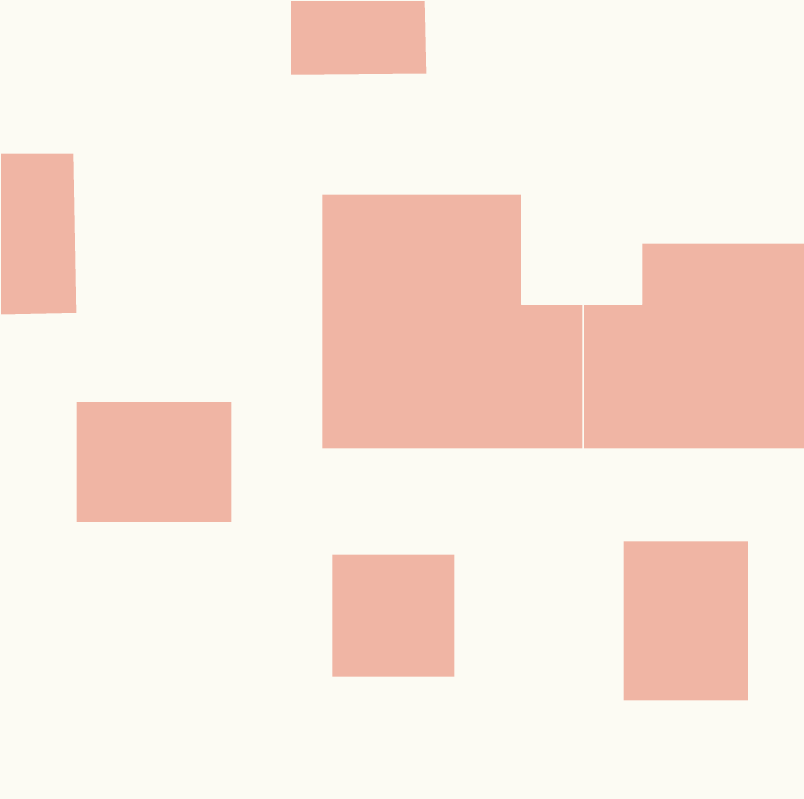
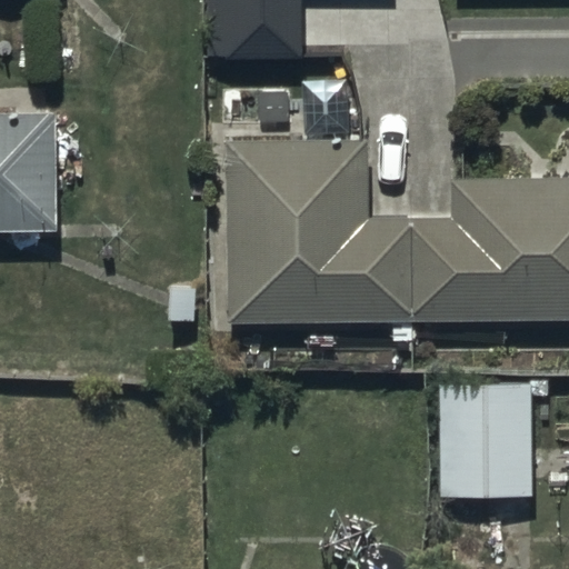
building: [76,401,232,523] -> none
building: [332,554,455,678] -> none

